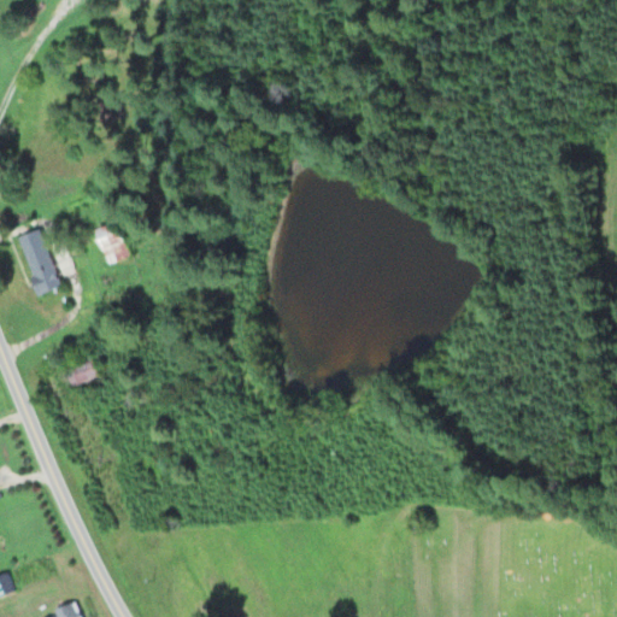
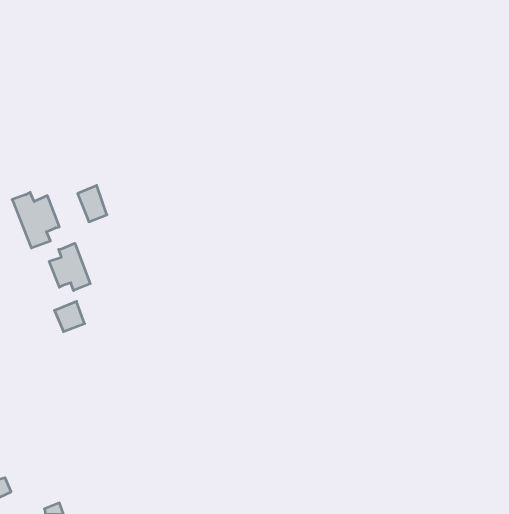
building: none -> [49,243,90,291]

